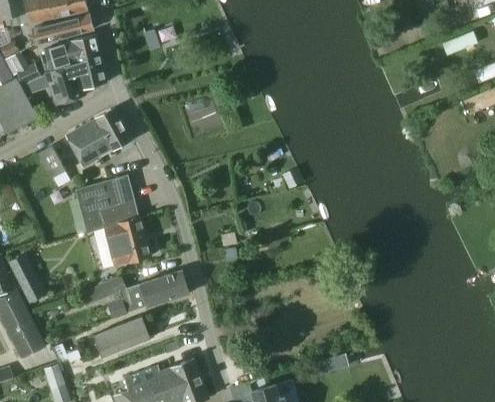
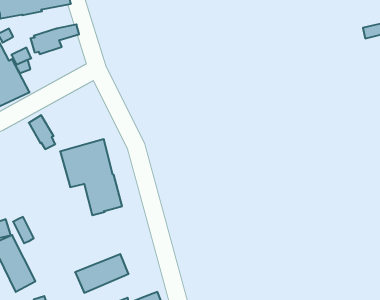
building: [29,14,92,45] -> none
building: [48,47,105,108] -> none
building: [66,108,130,166] -> none
building: [79,271,188,314] -> none

